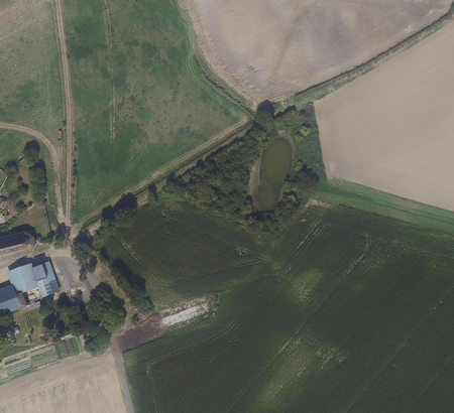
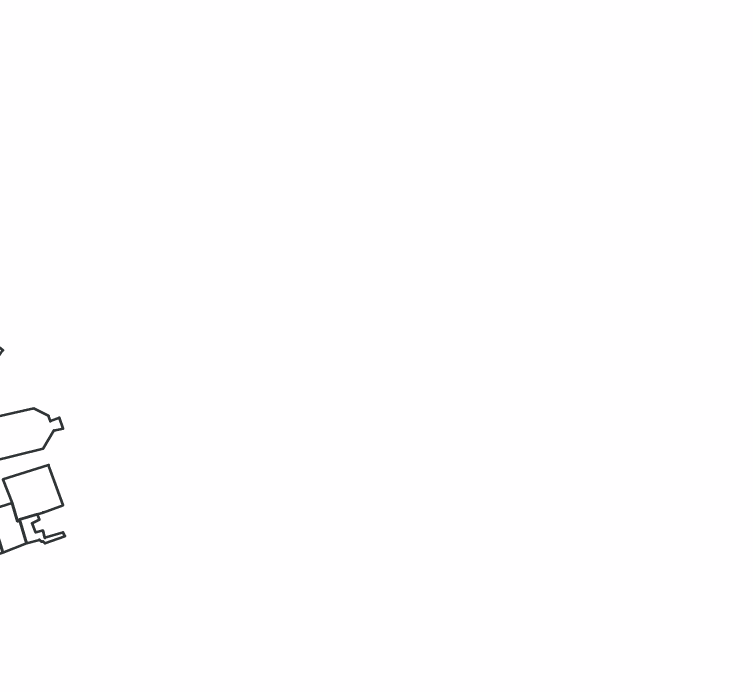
building: [32,262,58,295] -> none

